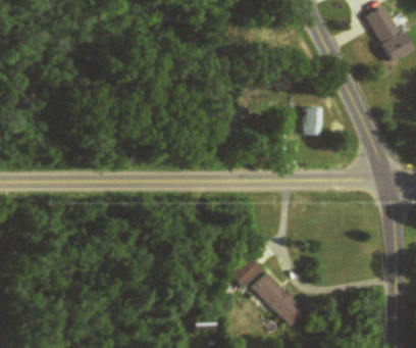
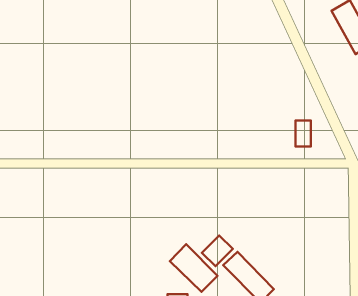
building: [305,107,321,135] -> [296,121,311,146]
building: none -> [170,244,218,292]

